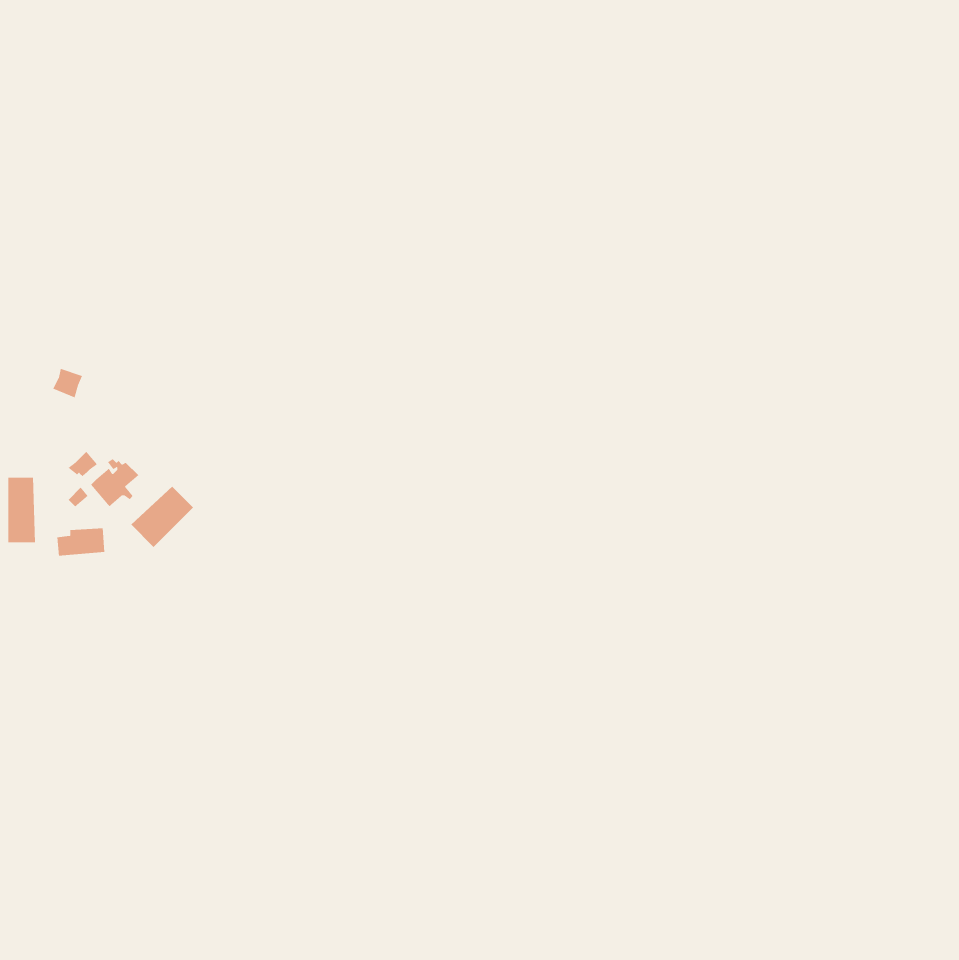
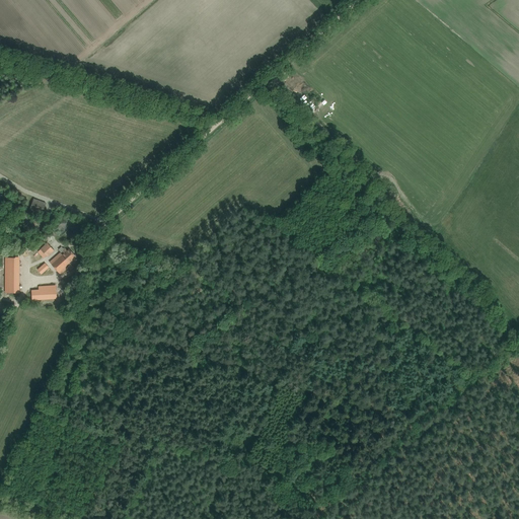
building: [130,486,194,548] -> none

